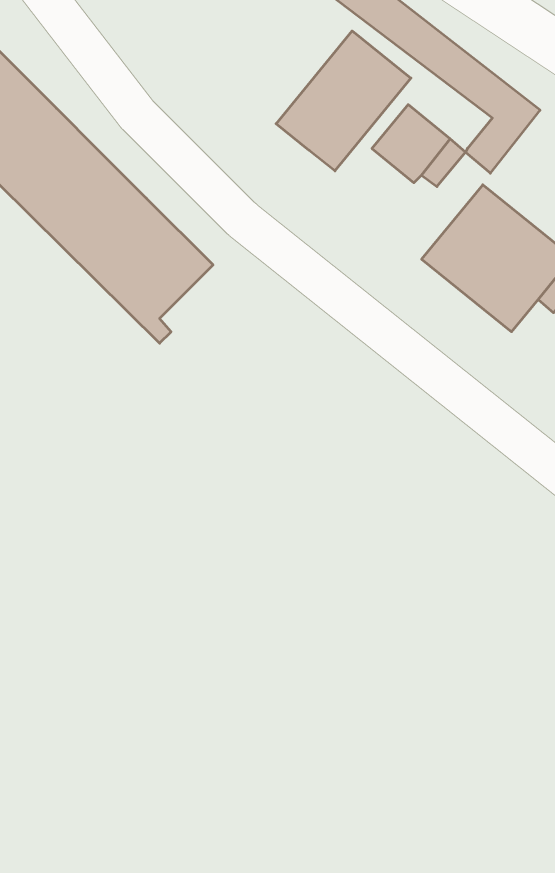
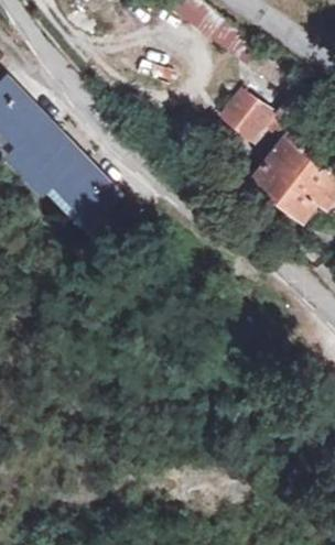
building: [276,31,411,171] -> none

